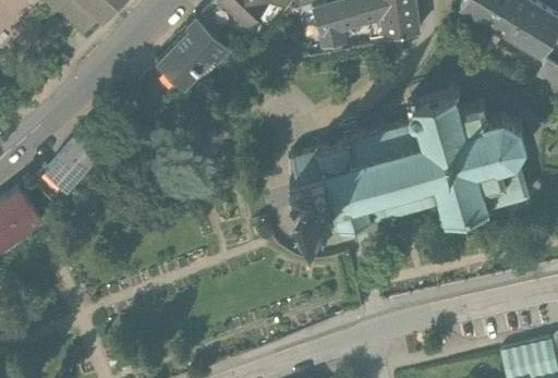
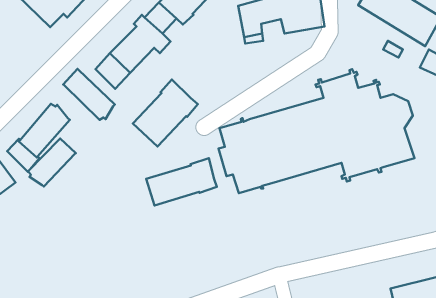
building: none -> [63,69,115,120]
building: none -> [133,79,198,146]
building: none -> [28,139,76,186]
building: none -> [146,158,217,205]

